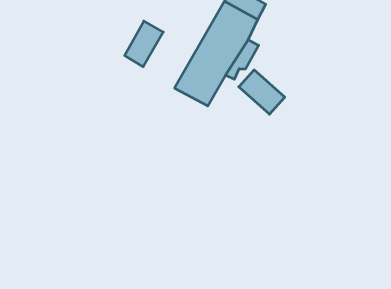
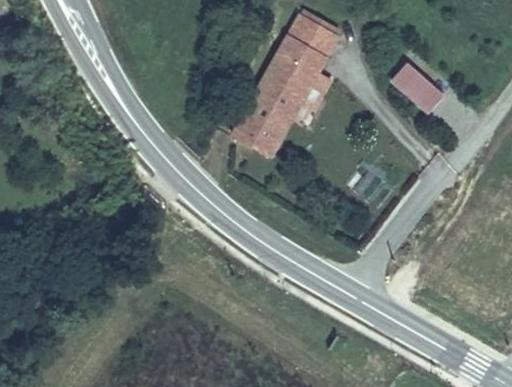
building: [125,21,163,67] -> none
building: [239,70,285,114] -> [390,58,447,113]

